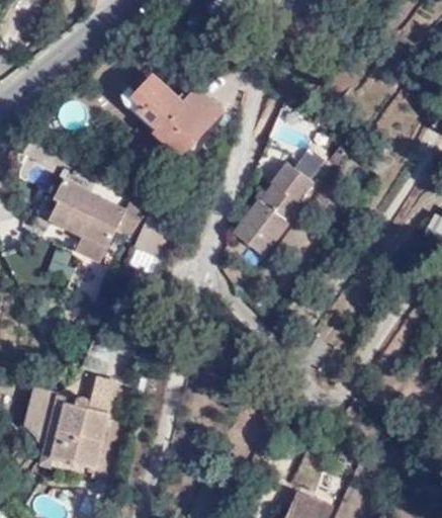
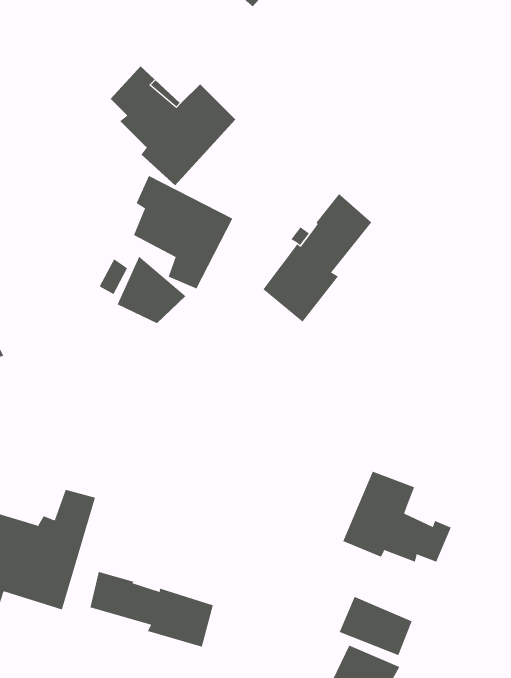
building: [52,178,124,261] -> [133,175,233,289]
building: none -> [343,471,451,562]
building: none -> [90,571,213,648]

